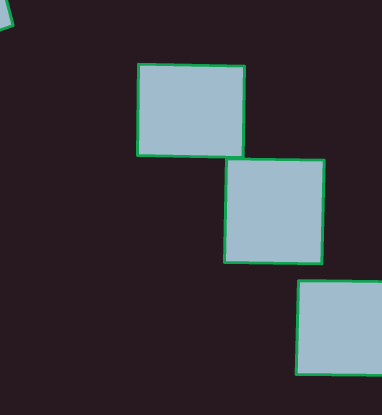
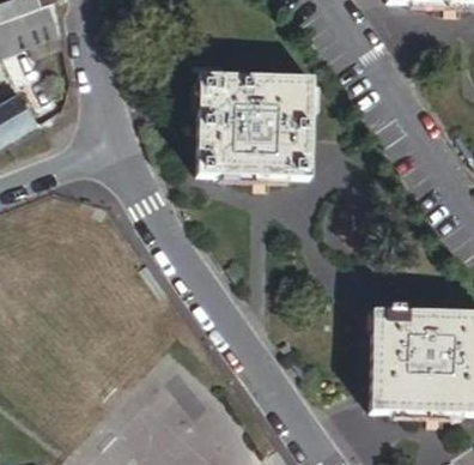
building: [224,159,324,264] -> none

